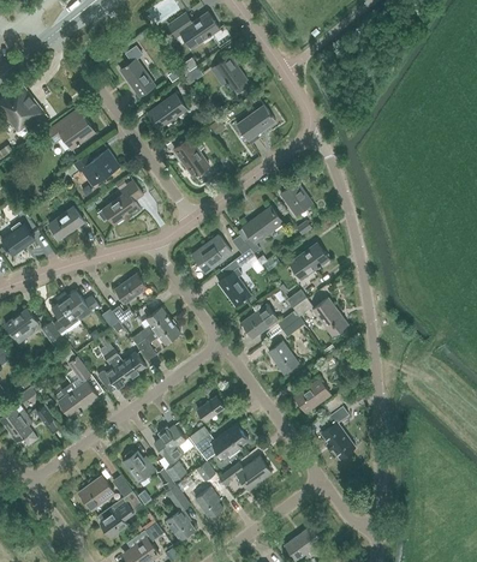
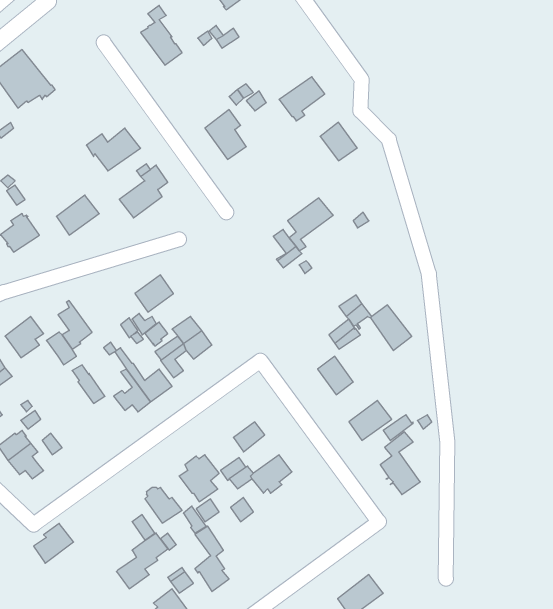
building: [216,56,249,94] -> none
building: [148,95,186,130] -> none
building: [44,110,95,150] -> none
building: [281,183,312,215] -> [320,122,357,161]
building: [193,237,232,273] -> none
building: [290,244,329,280] -> none
building: [219,268,251,306] -> none
building: [60,291,101,322] -> none
building: [243,305,278,339] -> none
building: [60,382,99,418] -> none
building: [219,458,273,490] -> none
building: [81,477,114,510] -> [34,523,74,563]
building: [193,485,223,519] -> none

